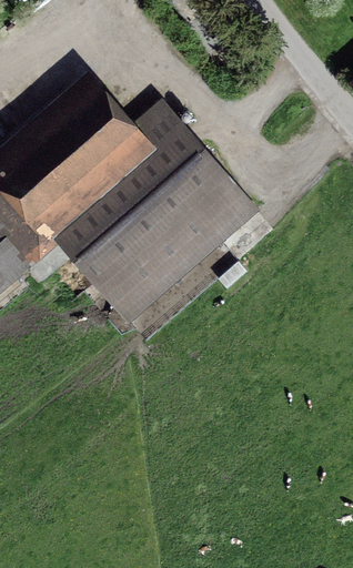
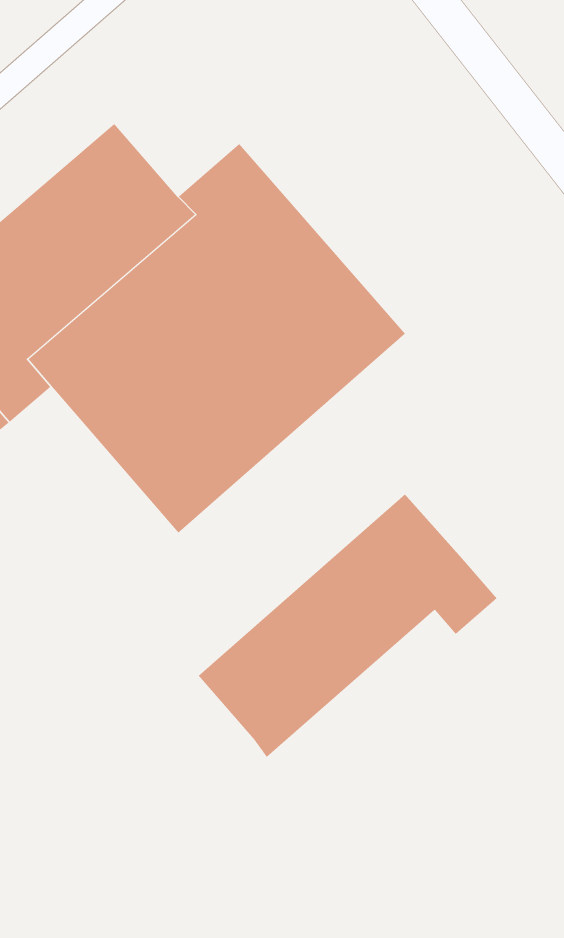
building: none -> [198,493,497,758]

